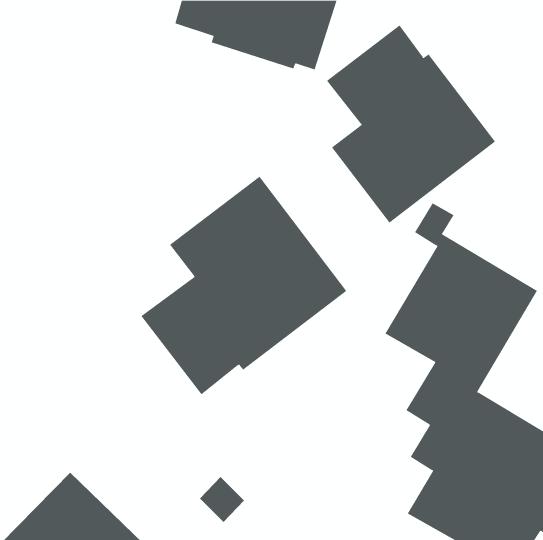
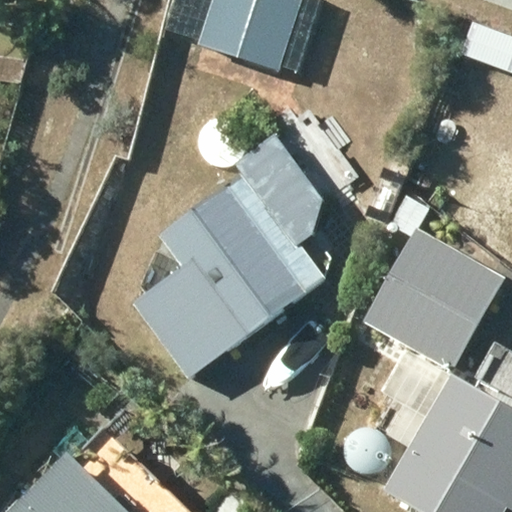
building: [326,25,496,224] -> none

